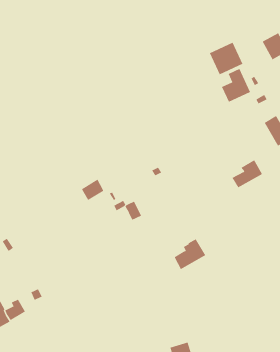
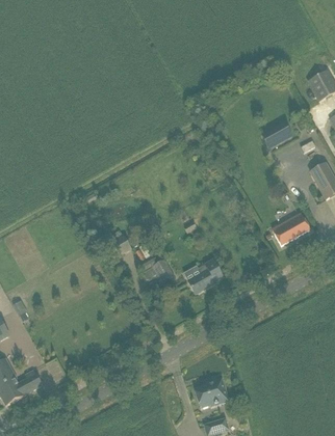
building: [209,42,243,75] -> none
building: [174,239,206,270] -> [187,258,224,294]
building: none -> [195,378,229,408]

